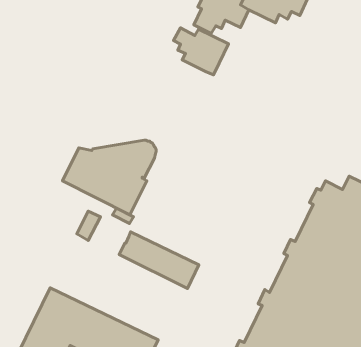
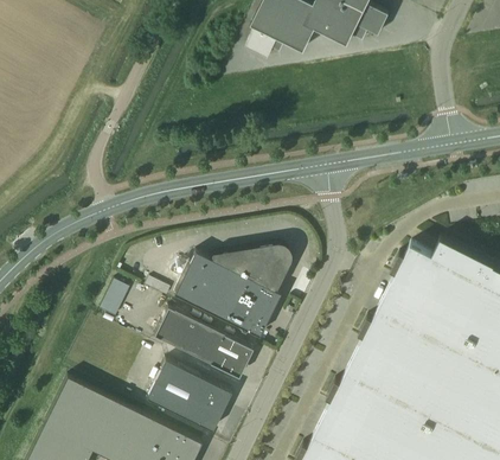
building: [173,28,229,75] -> none
building: [63,140,156,215] -> [174,243,291,337]
building: none -> [146,359,231,430]

